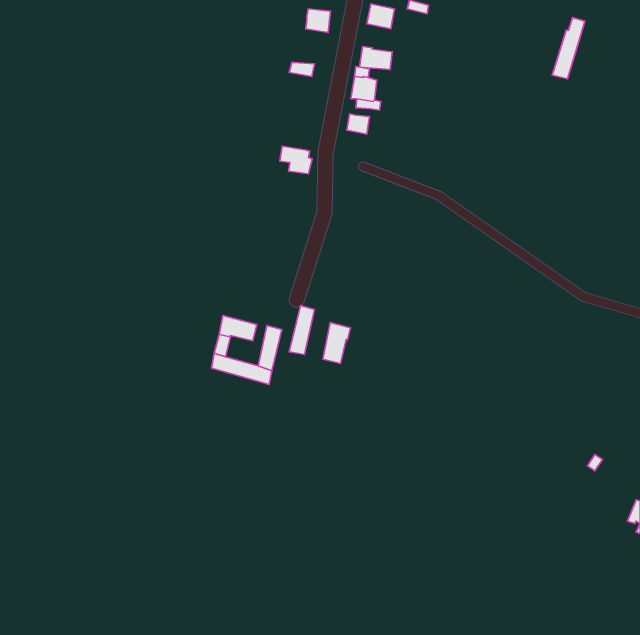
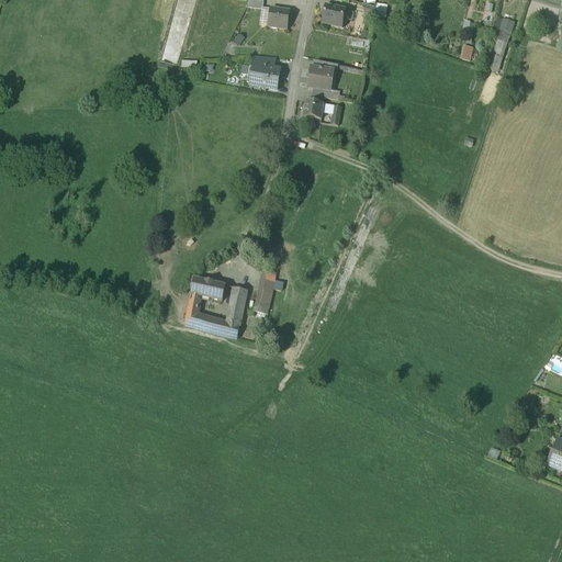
building: [359,47,392,70] -> none
building: [280,146,312,174] -> [251,64,280,88]
building: [323,323,350,363] -> none

